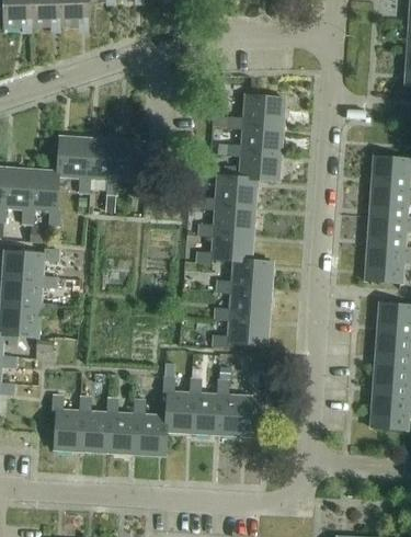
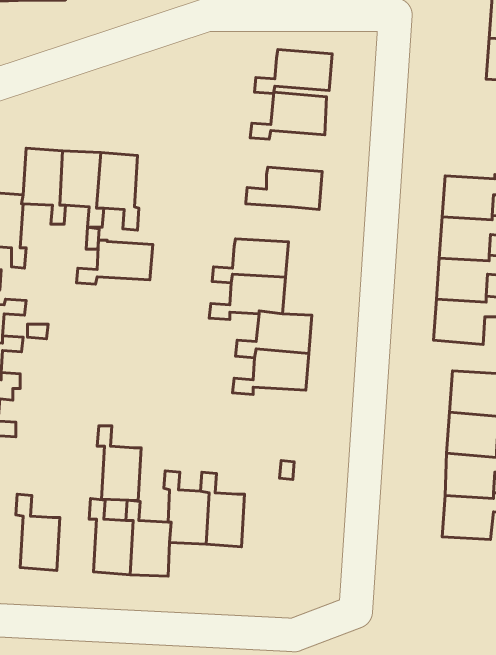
building: [225,123,283,156] -> [254,50,332,94]
building: [201,176,258,209] -> [76,240,153,284]
building: [213,315,269,347] -> none
building: [217,380,250,435] -> none
building: [79,397,112,453] -> [97,426,141,500]

